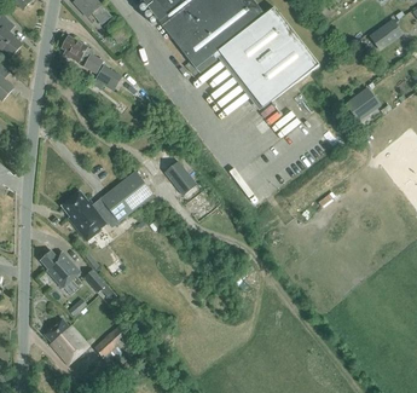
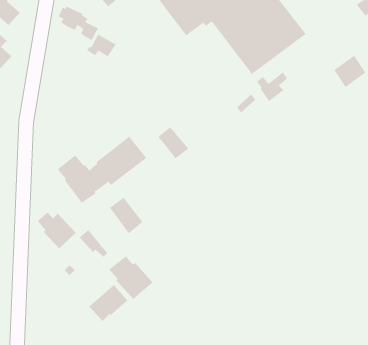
building: none -> [109,197,143,234]
building: [44,318,89,364] -> [109,256,153,300]

